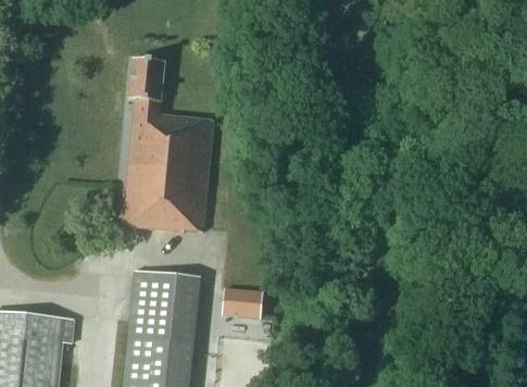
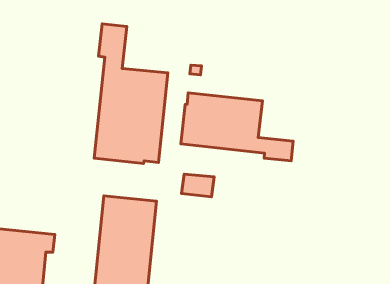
building: none -> [181,93,293,161]
building: [222,287,262,315] -> [182,174,214,197]

